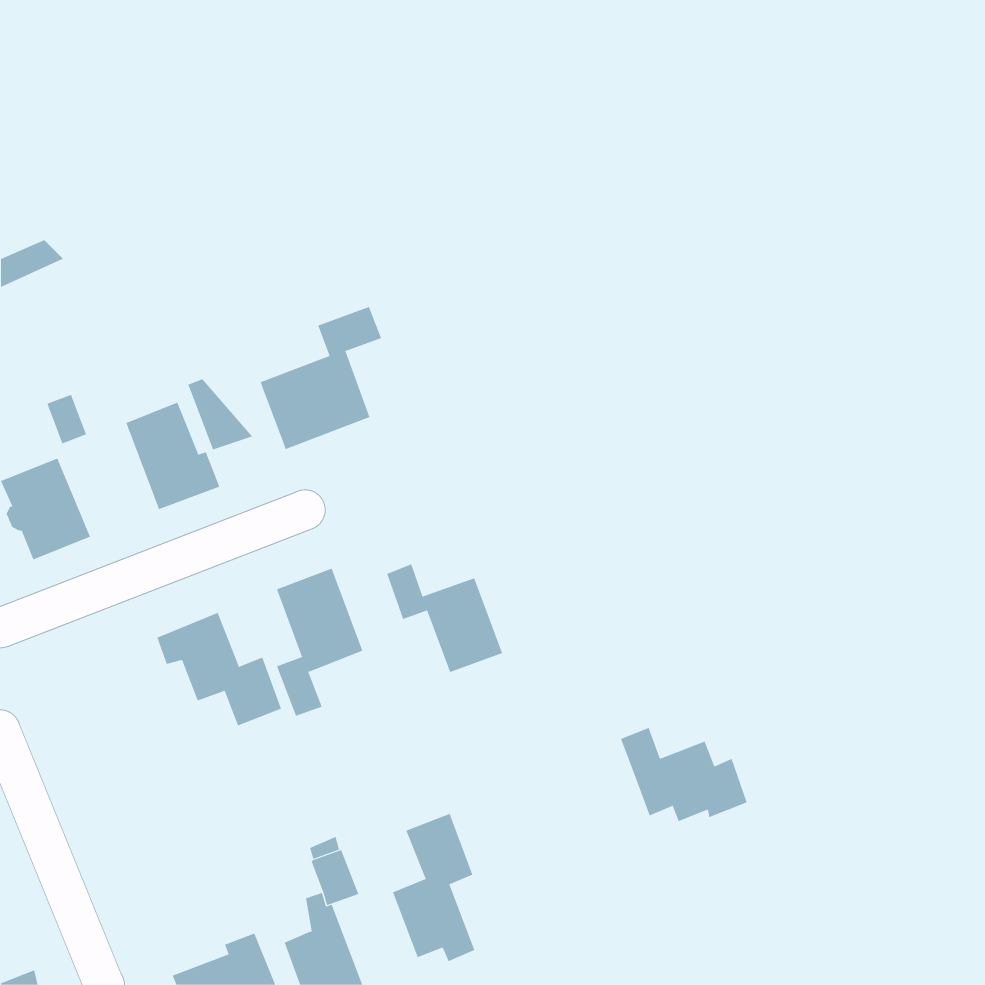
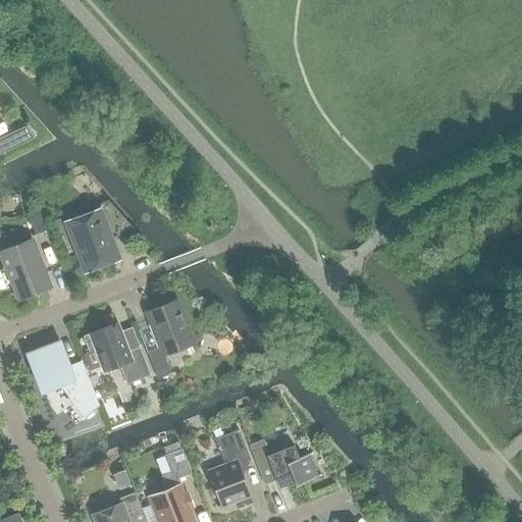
building: [260,306,382,450] -> none
building: [386,564,503,673] -> none
building: none -> [28,344,99,419]
building: [620,727,748,822] -> [249,437,316,487]

